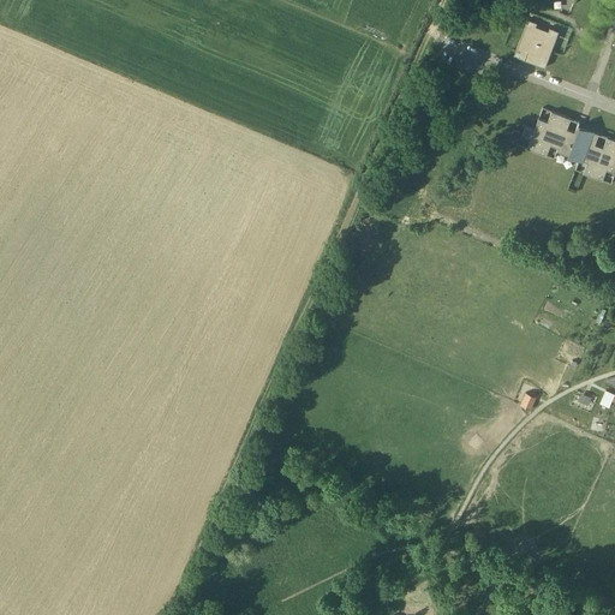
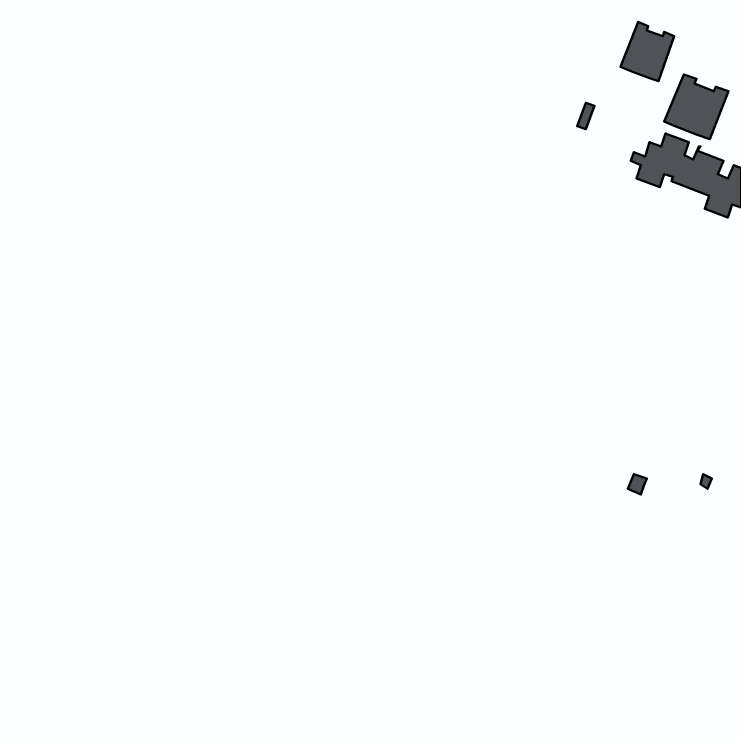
building: none -> [664,75,728,139]

